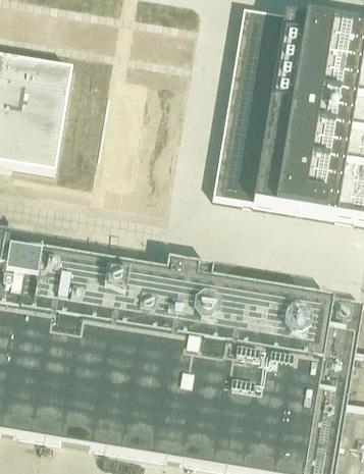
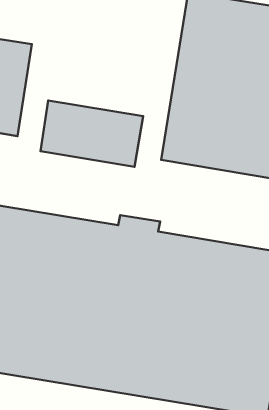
building: none -> [40,100,143,167]

